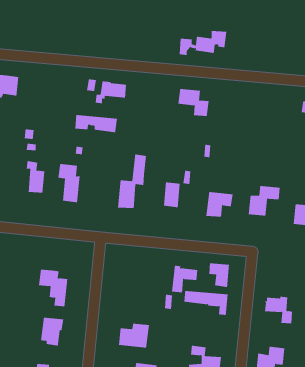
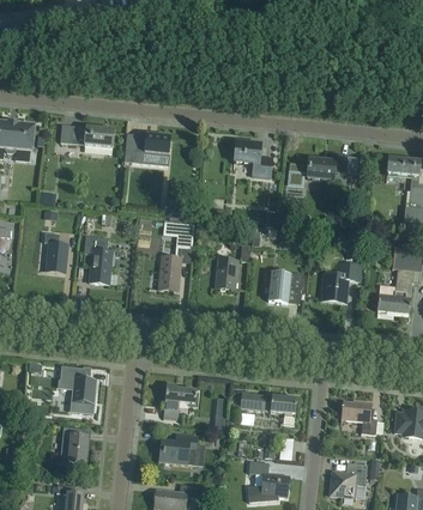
building: [179,30,227,55] -> [288,151,348,182]
building: [75,115,118,133] -> [60,125,114,147]
building: [209,263,229,288] -> none
building: [171,265,198,293] -> [163,384,197,419]

